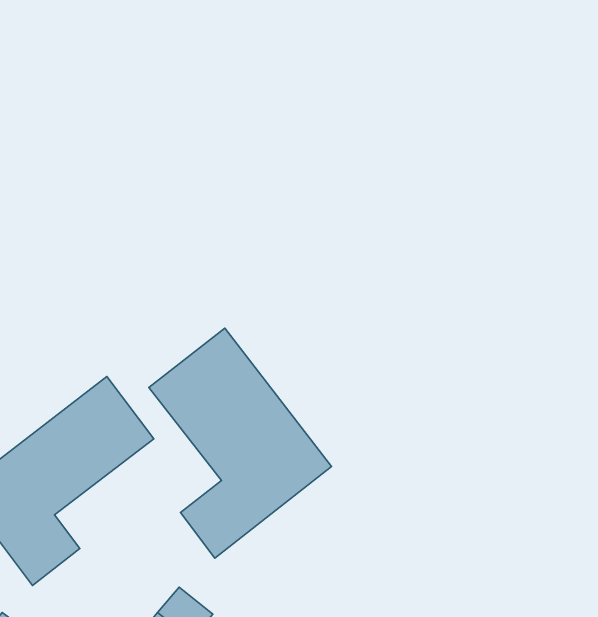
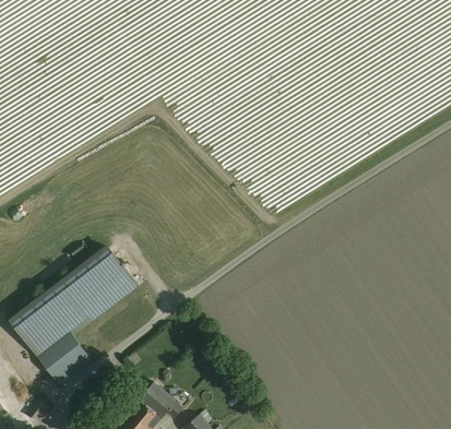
building: [149,328,332,558] -> none

